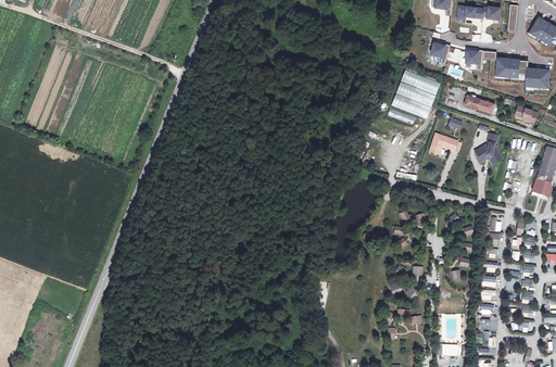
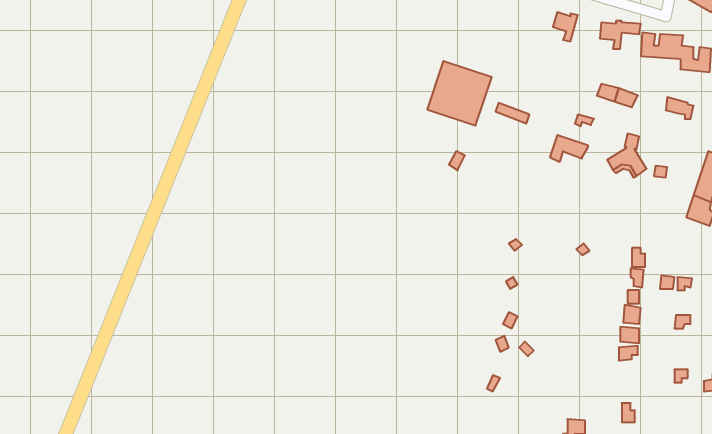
building: [391,71,439,118] -> [427,61,492,126]

